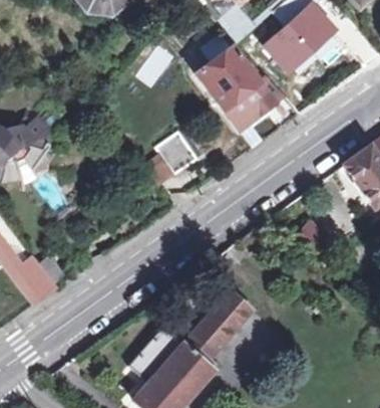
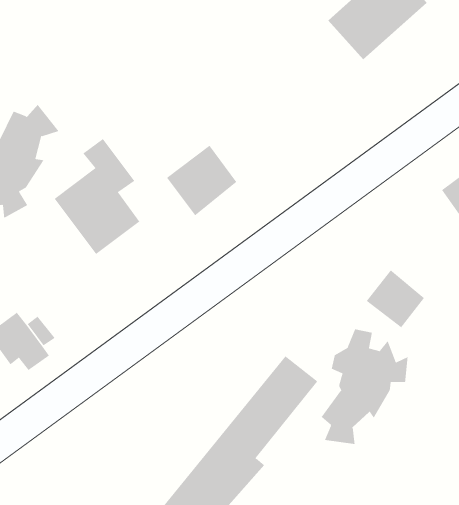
building: [194,46,282,128] -> none
building: none -> [54,138,140,255]
building: none -> [321,329,408,445]

